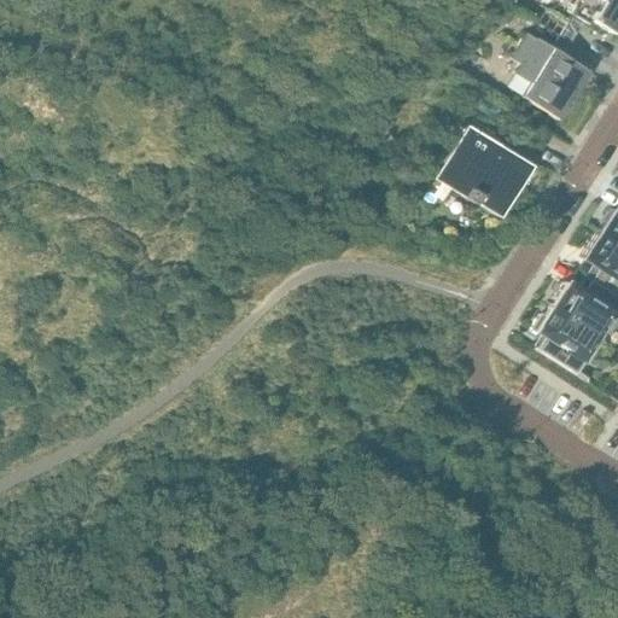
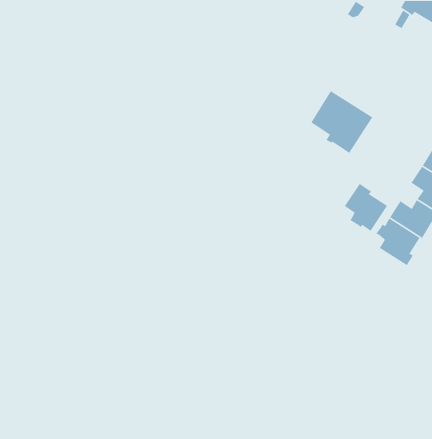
building: [515,33,593,119] -> none
building: none -> [344,183,388,232]

